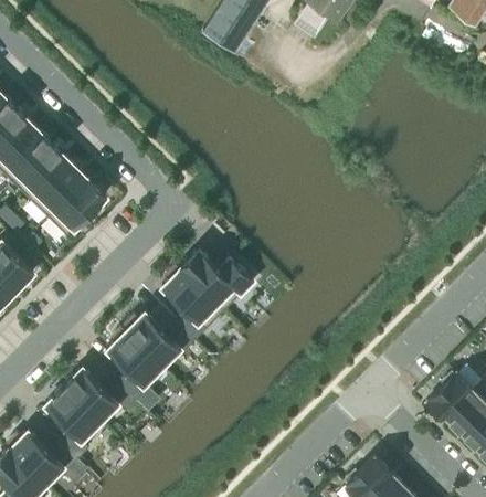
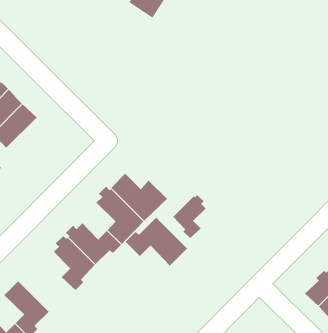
building: [47,178,105,236] -> none
building: none -> [172,195,206,239]
building: none -> [125,217,188,267]
building: [63,368,136,426] -> none

